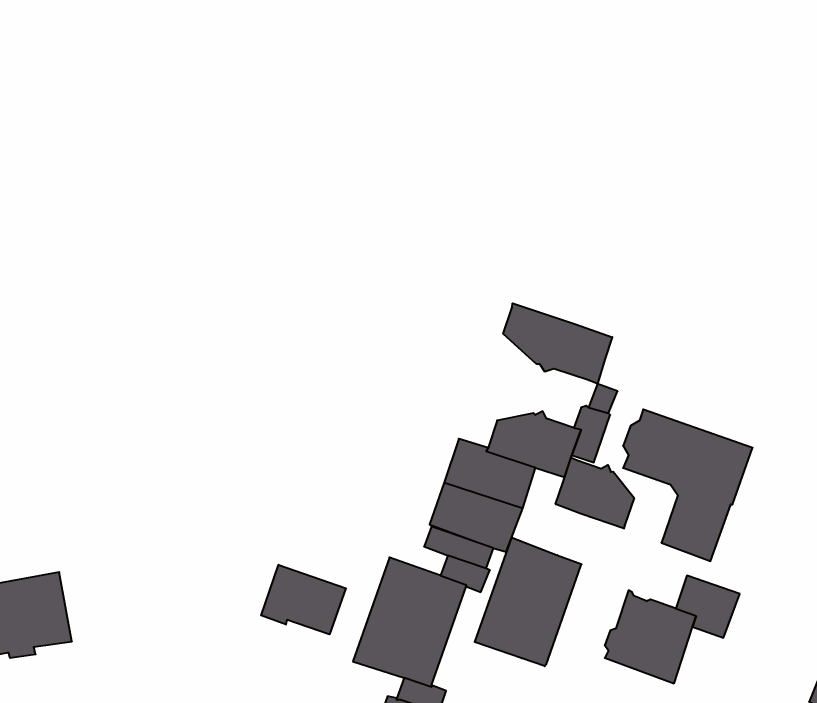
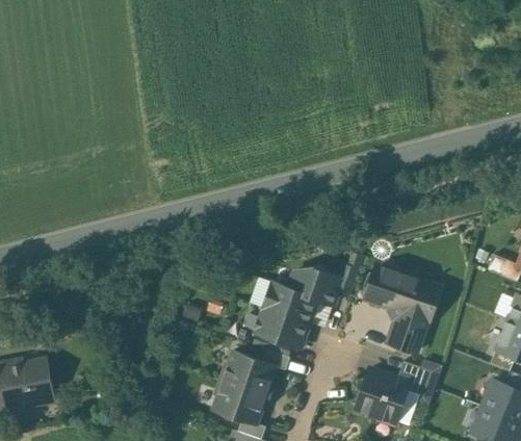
building: [503,303,612,384] -> none
building: [556,458,634,529] -> none
building: [475,537,582,666] -> none
building: [261,565,346,634] -> none

